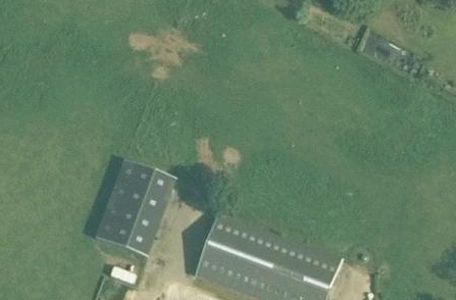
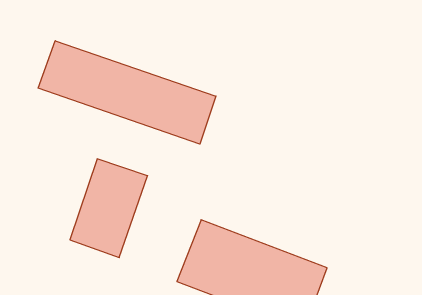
building: none -> [38,41,216,144]

